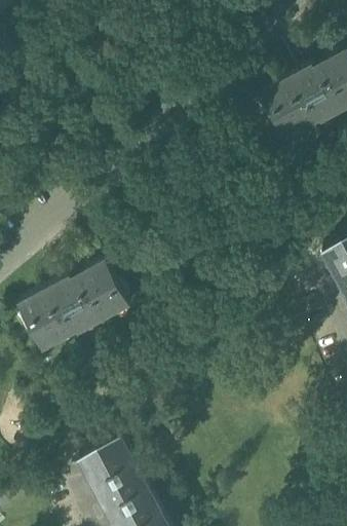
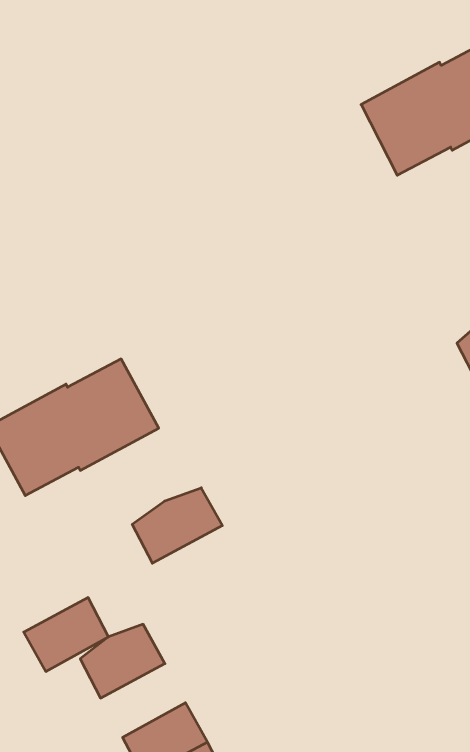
building: none -> [132,488,222,563]
building: [88,461,144,510] -> [24,598,109,671]

